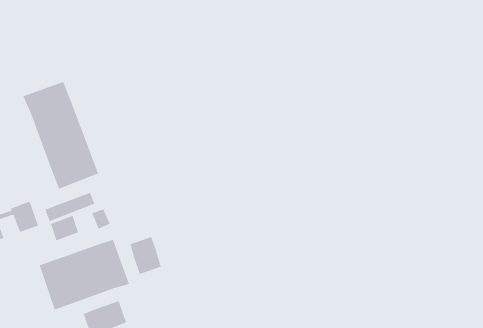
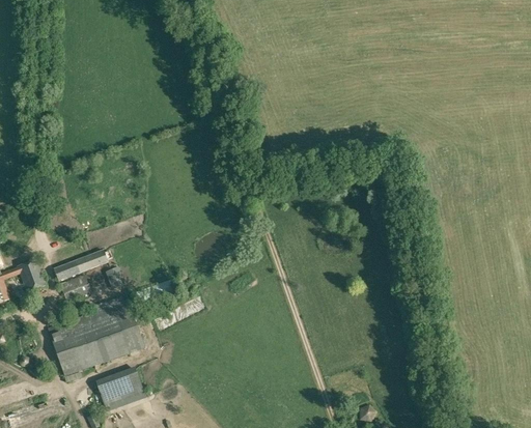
building: [23,81,99,189] -> none
building: [130,236,162,275] -> none

